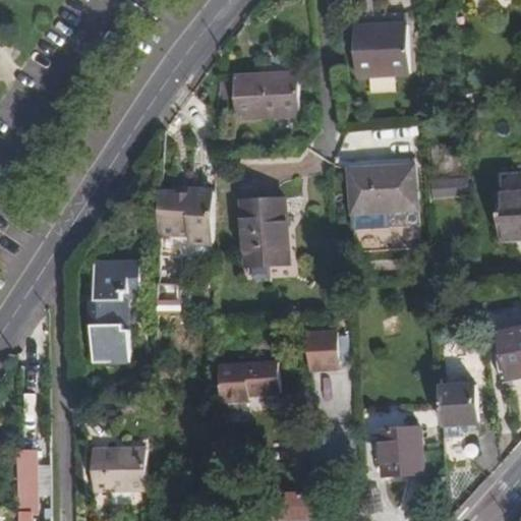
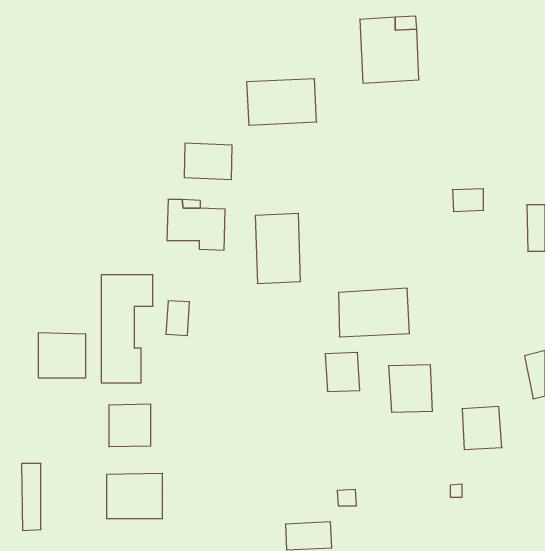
building: none -> [185,143,232,180]
building: [343,167,410,213] -> [338,288,409,337]
building: none -> [39,333,85,378]
building: [221,361,282,400] -> none
building: none -> [109,404,151,447]
building: [375,430,417,475] -> [388,365,433,412]

